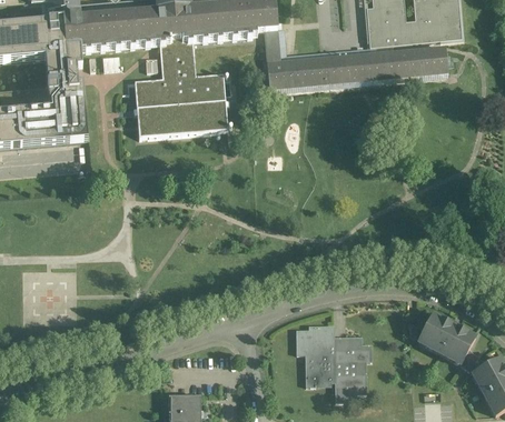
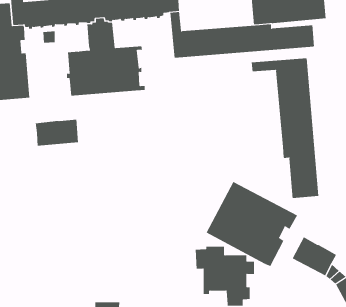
building: none -> [251,58,319,199]
building: none -> [35,119,79,146]
building: none -> [206,181,298,267]

